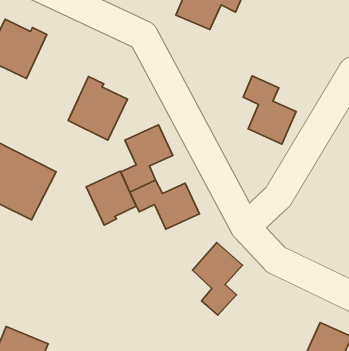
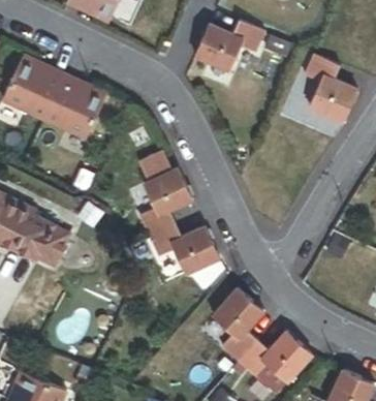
building: [243,76,296,144] -> [304,55,357,124]
building: [68,77,127,140] -> [44,78,104,142]
building: [86,171,136,225] -> none
building: none -> [238,331,311,381]

